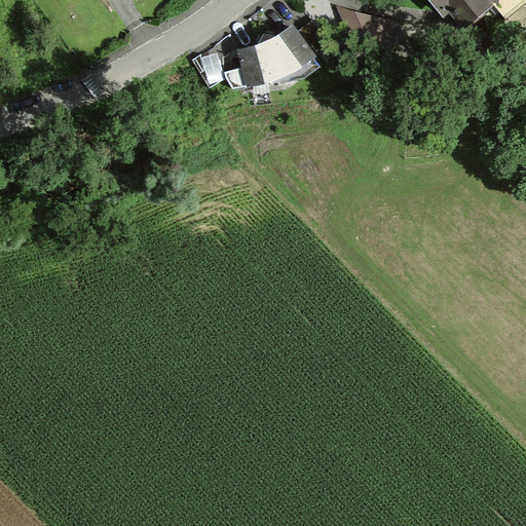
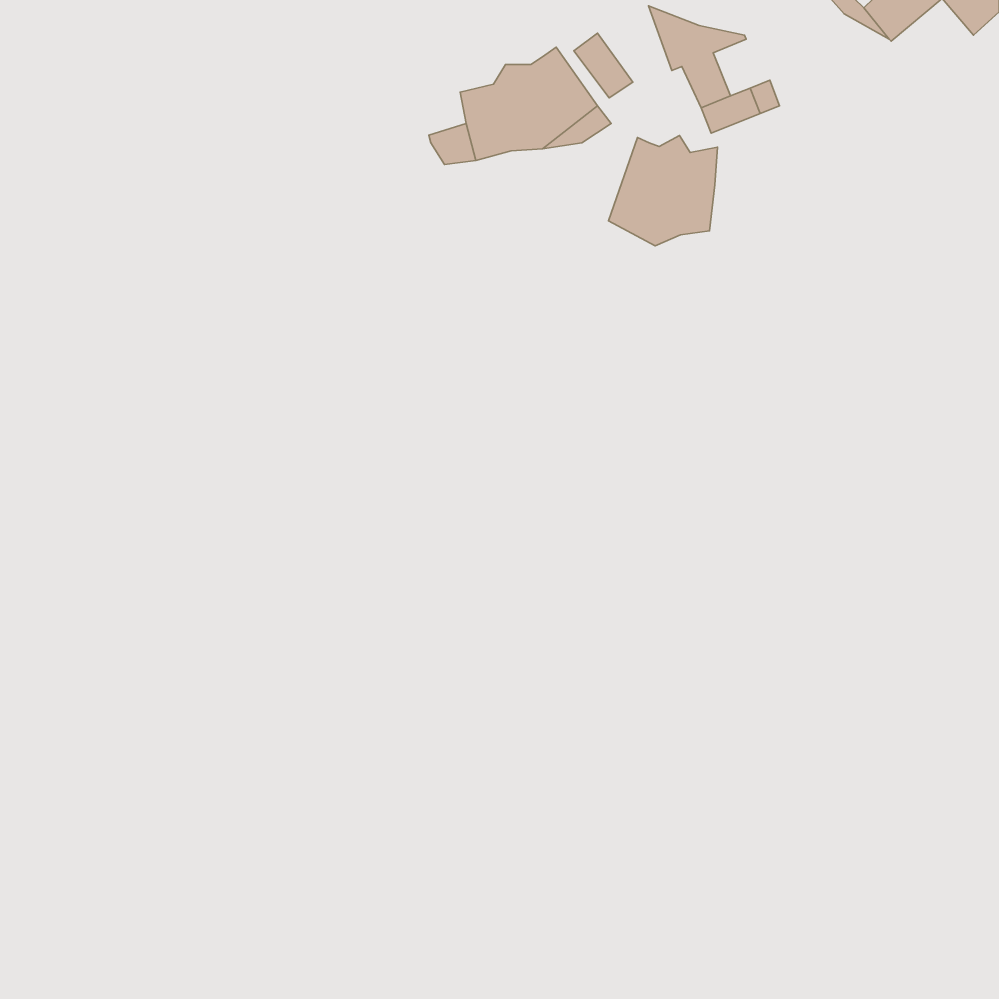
building: none -> [608,136,718,246]

